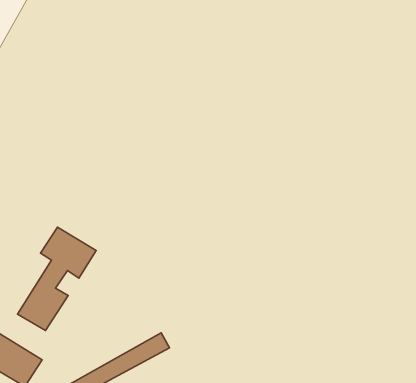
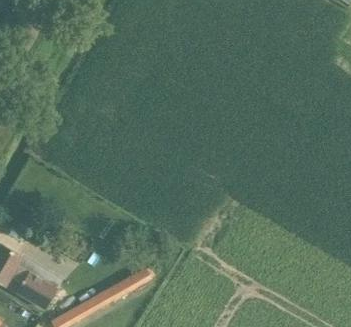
building: [18,227,96,331] -> none

